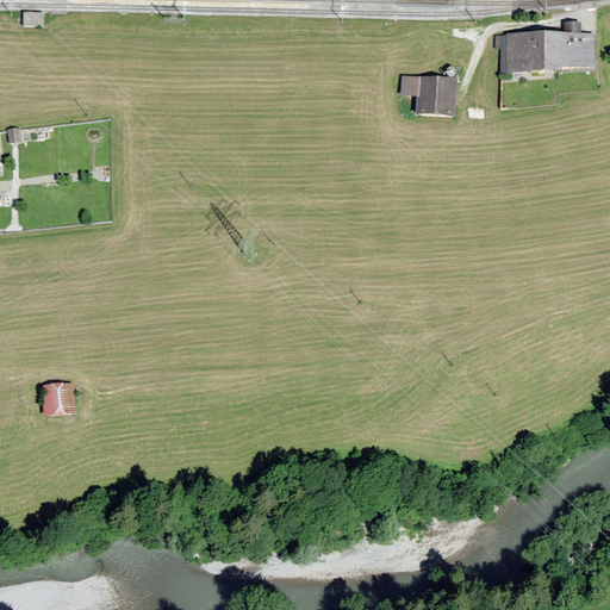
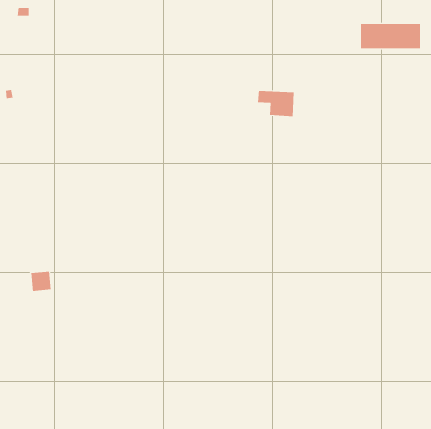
building: [402,74,454,111] -> [257,91,294,117]

